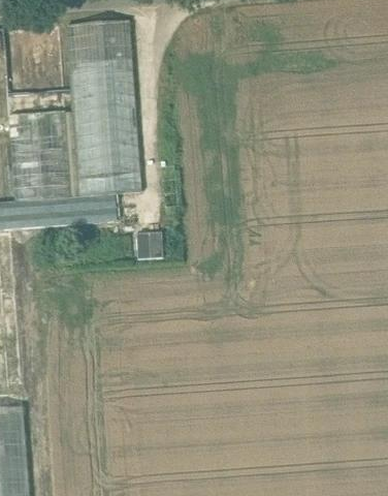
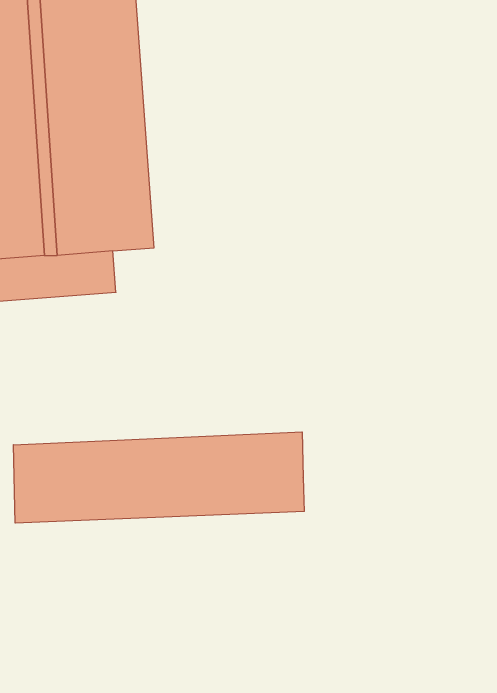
building: [134,233,160,259] -> none
building: none -> [13,432,304,523]

